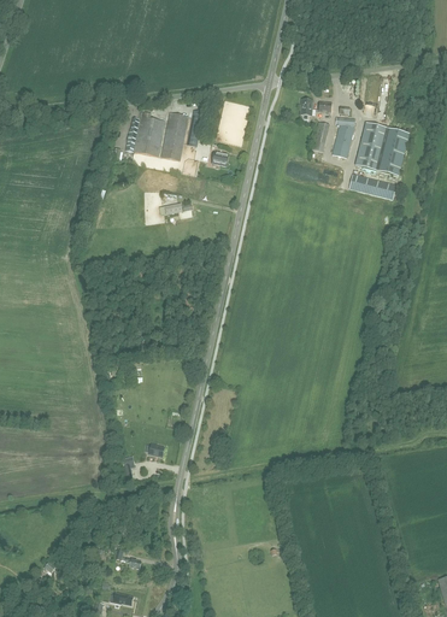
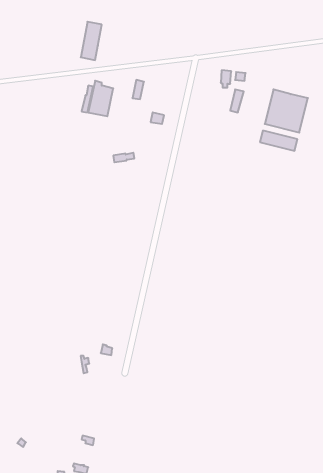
building: [160,112,187,160] -> [81,22,102,60]
building: [331,117,353,157] -> none

